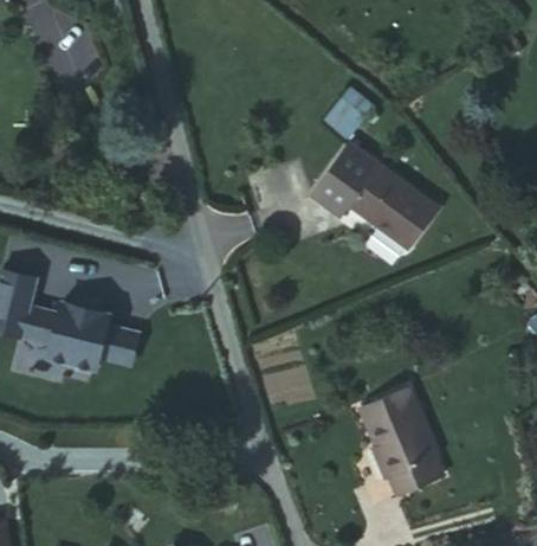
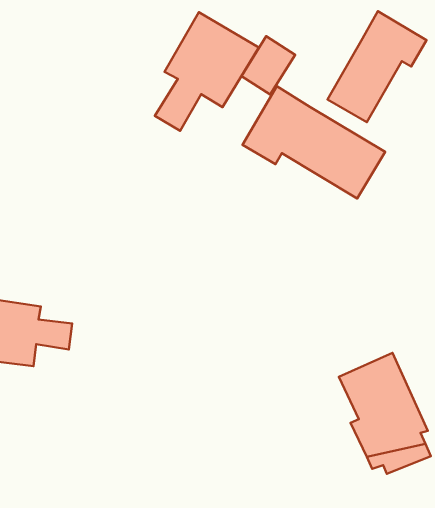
building: none -> [155,12,259,131]
building: none -> [327,11,427,122]

